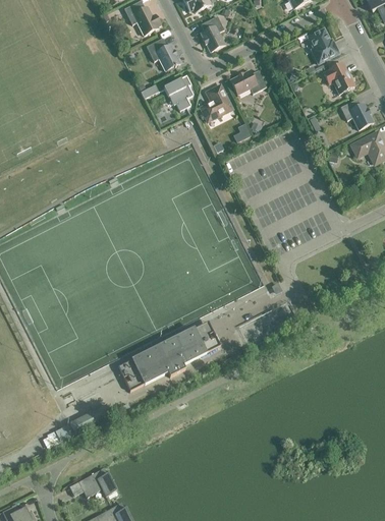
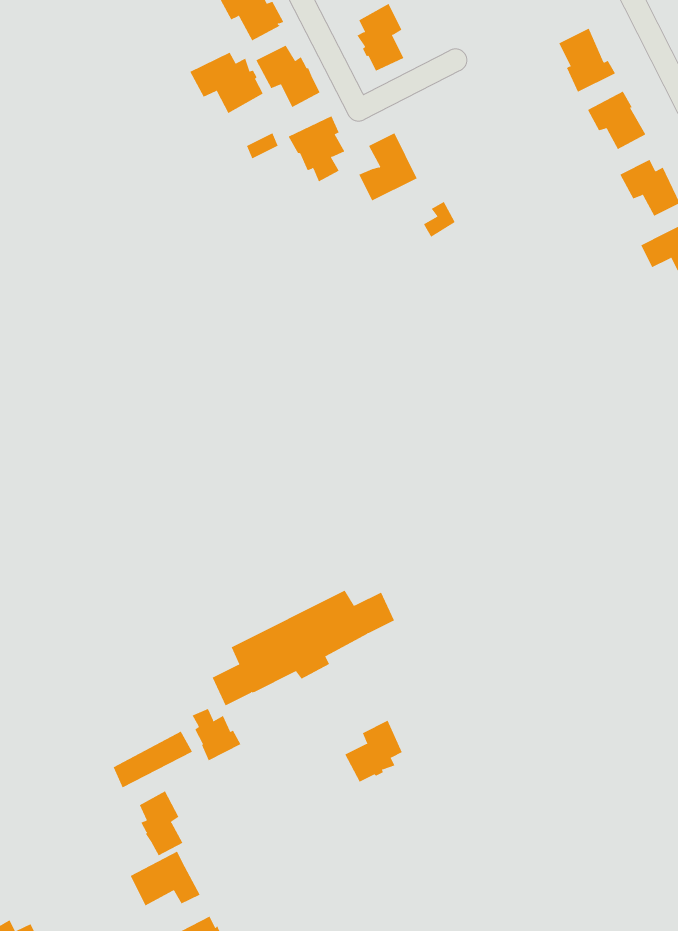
building: none -> [190,52,264,114]
building: [229,70,265,95] -> none
building: none -> [192,708,241,761]
building: none -> [344,720,402,783]
building: none -> [139,790,183,856]

